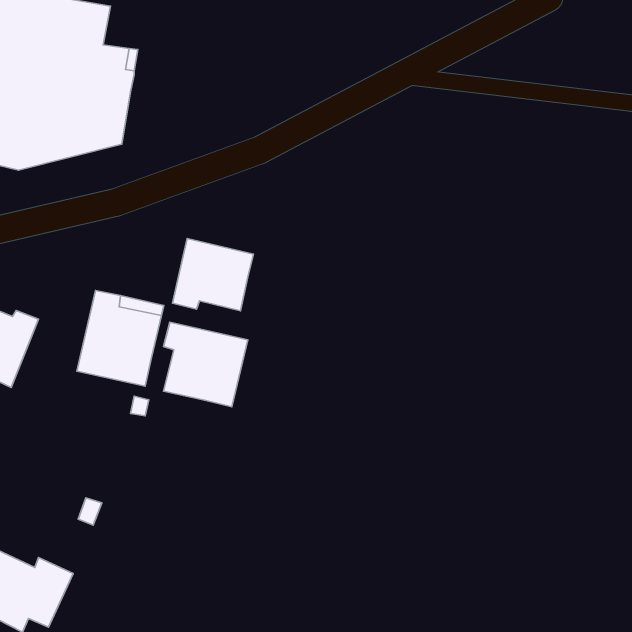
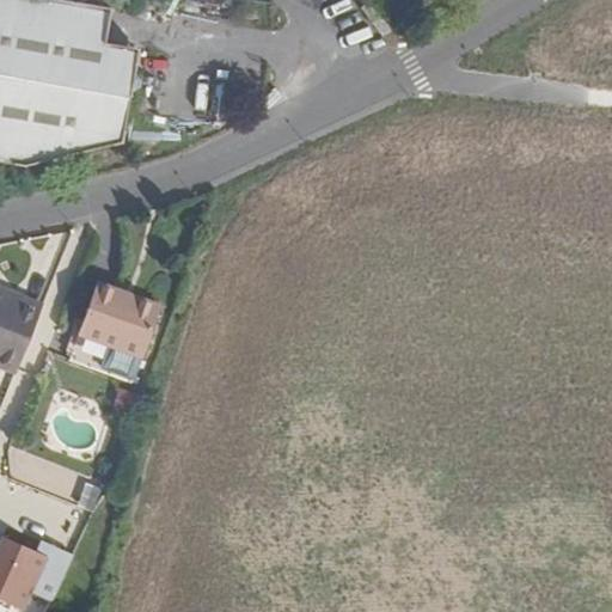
building: [172,238,253,311] -> none
building: [163,322,248,407] -> none

